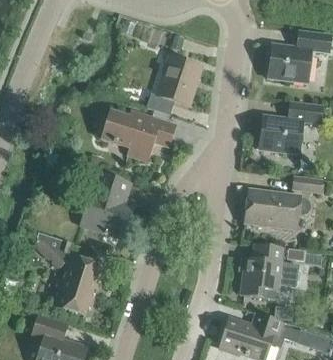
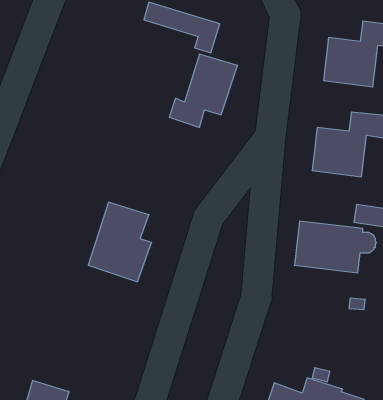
building: [101,111,175,160] -> none
building: [35,233,104,316] -> none
building: [239,245,298,299] -> none

